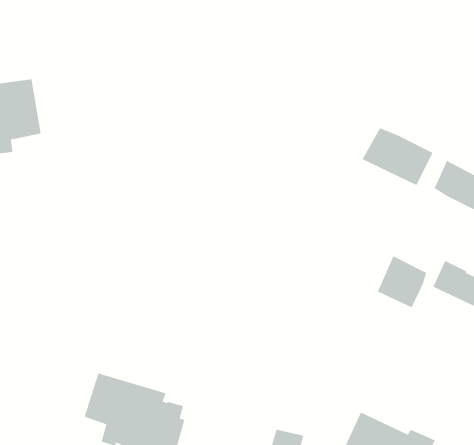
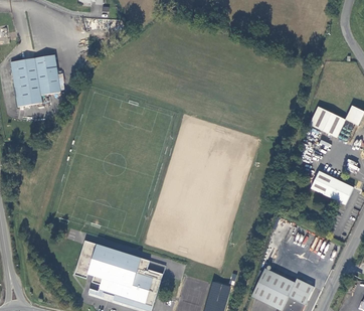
building: [362,128,433,186] -> none
building: [377,255,427,308] -> none

